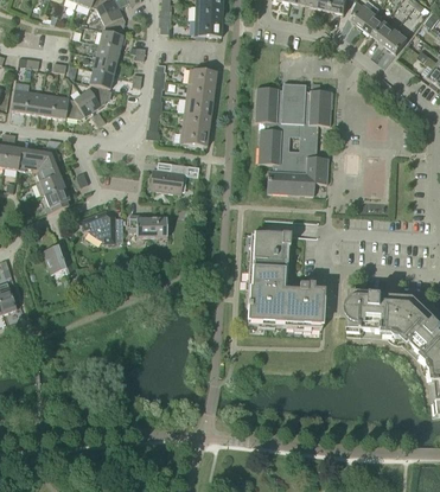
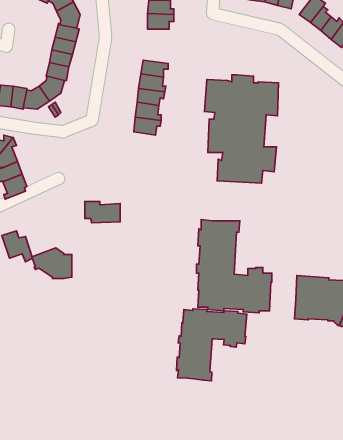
building: [149,162,187,193] -> none
building: [81,210,122,242] -> [32,248,72,278]
building: none -> [177,309,247,381]

